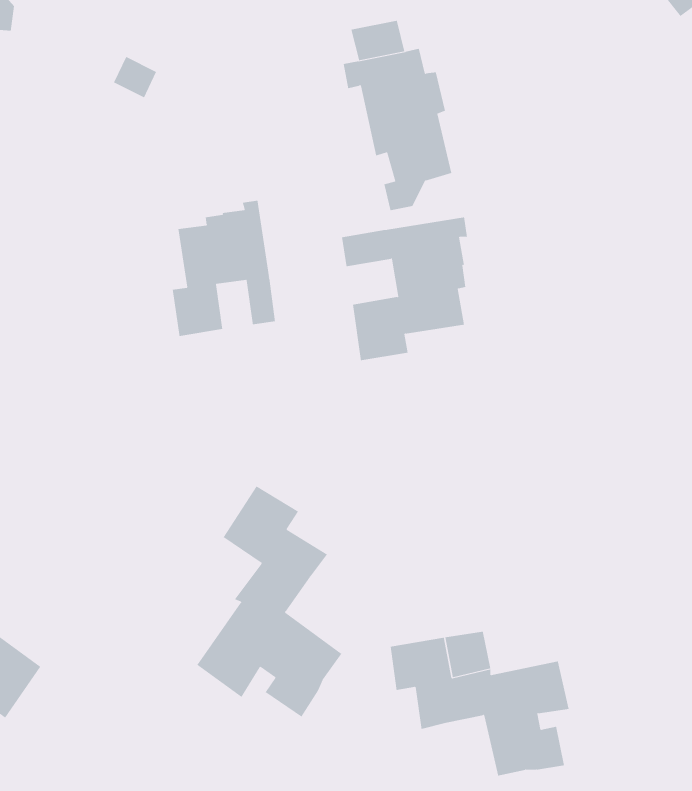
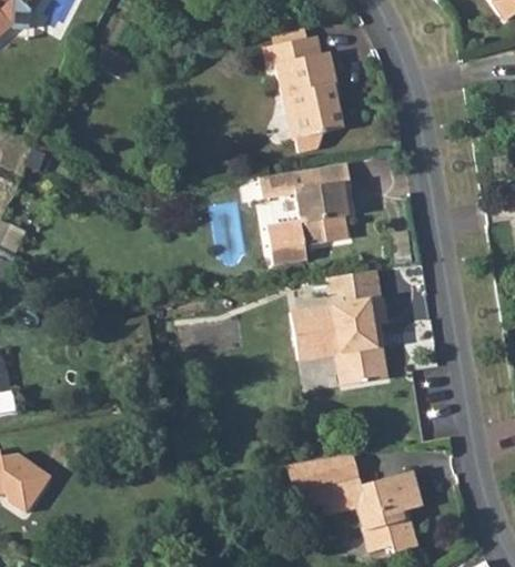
building: [172,200,276,337] -> none
building: none -> [290,271,384,392]
building: [197,486,342,718] -> none

